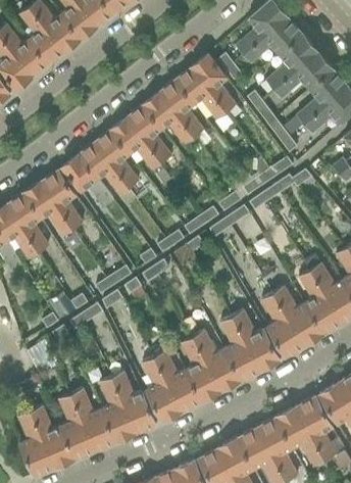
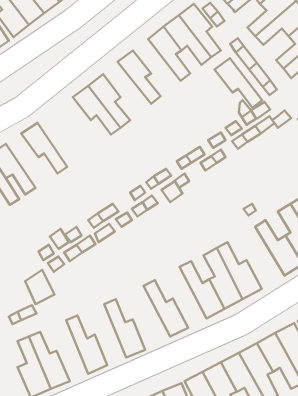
building: [143,92,194,145] -> [214,58,262,108]
building: [111,116,162,170] -> none
building: [62,154,113,207] -> none
building: [41,170,84,229] -> none
building: [7,193,49,251] -> none
building: [261,293,305,356] -> none
building: [181,336,221,401] -> none
building: [142,356,183,422] -> none
building: [99,376,136,441] -> none
building: [58,393,95,458] -> none

